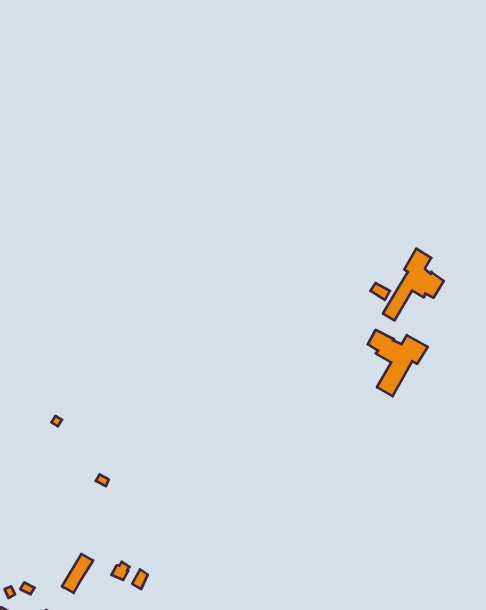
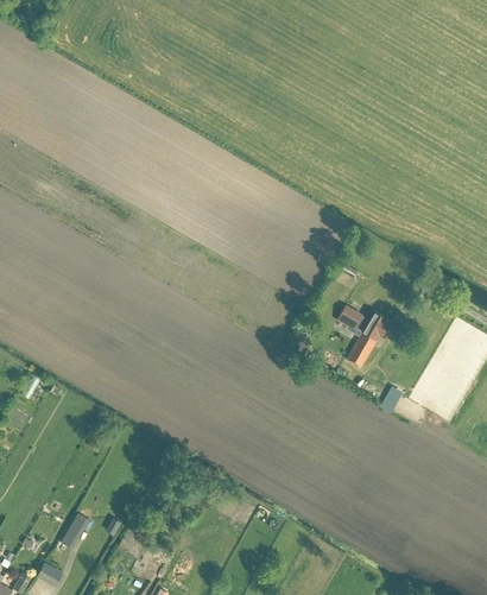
building: [383,249,444,320] -> none

